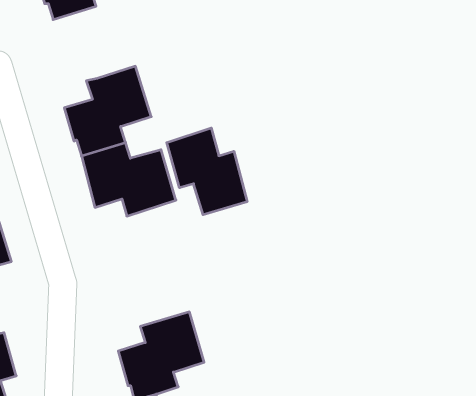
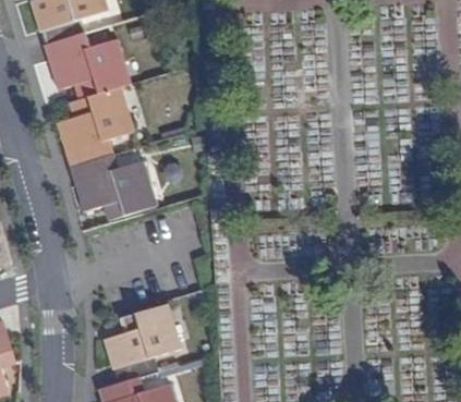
building: none -> [48,31,131,95]
building: [167,128,247,215] -> none

